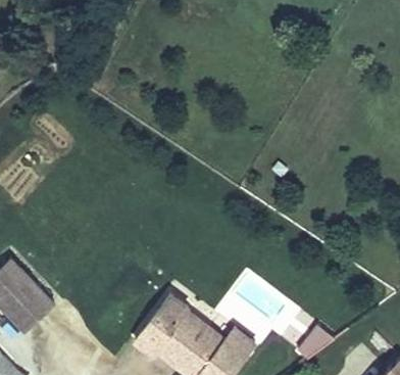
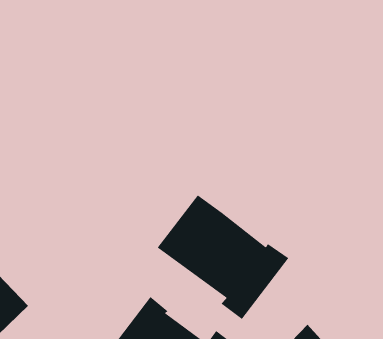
building: none -> [157,195,289,320]

